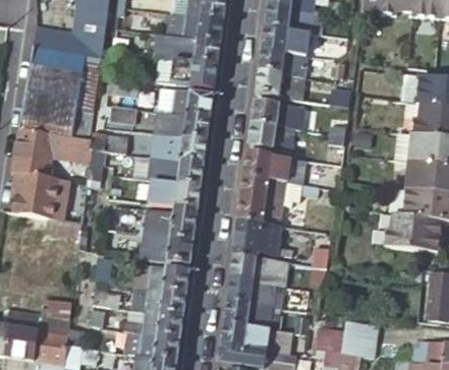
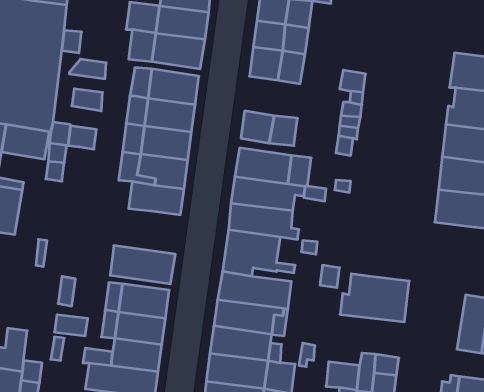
building: [250,101,299,129] -> none
building: [143,204,198,240] -> none
building: [384,211,441,251] -> [340,274,409,322]

